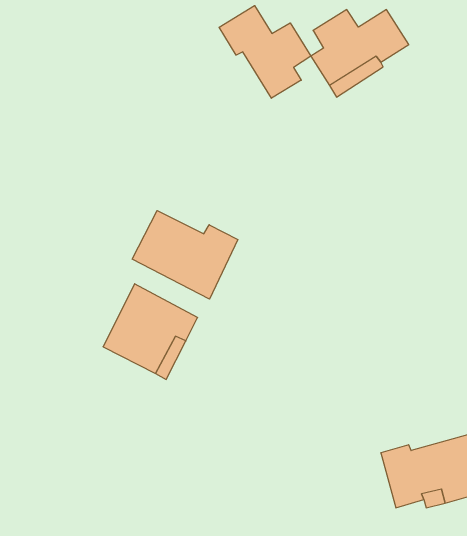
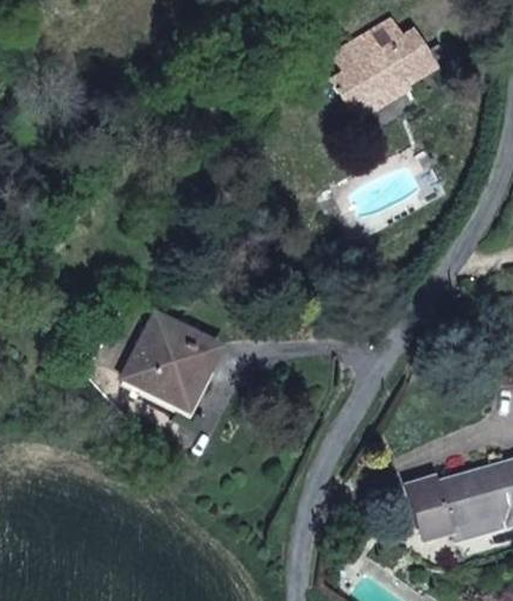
building: [219,6,311,98] -> none
building: [132,211,238,299] -> none

